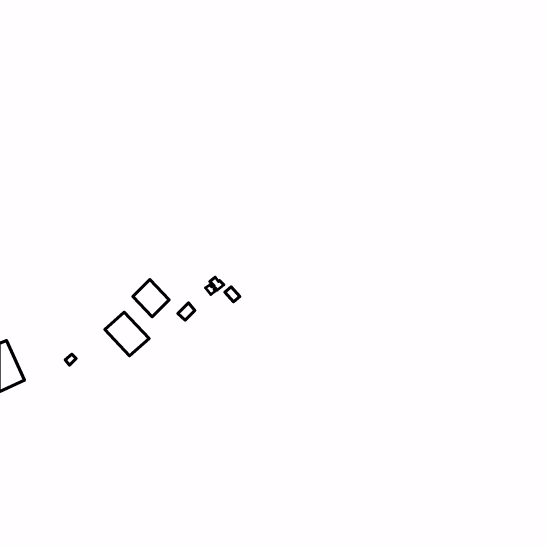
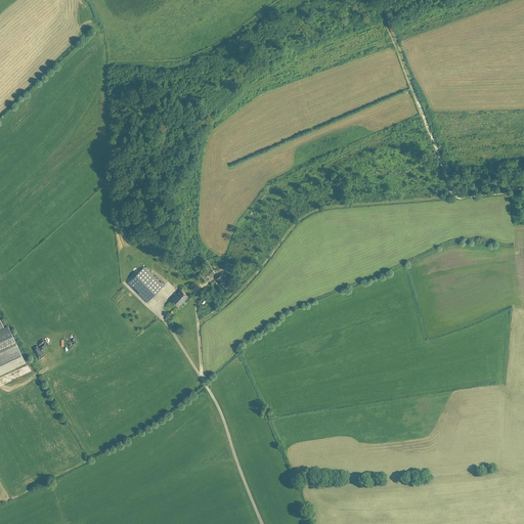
building: [105,312,149,356] -> none

